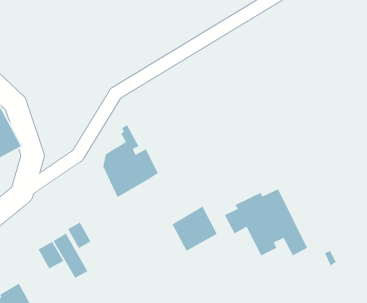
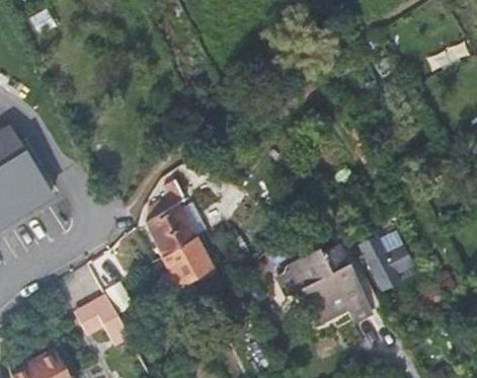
building: none -> [369,247,408,289]
building: [171,206,218,252] -> [161,236,212,287]

